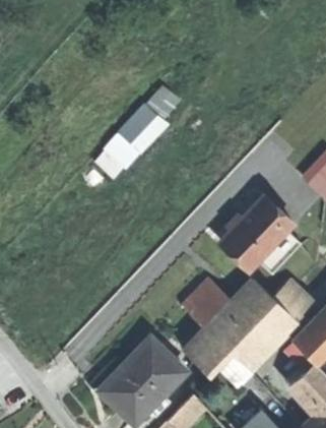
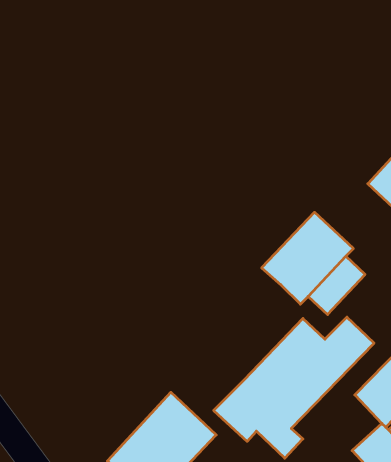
building: [96,81,189,177] -> none
building: [184,281,231,328] -> none

